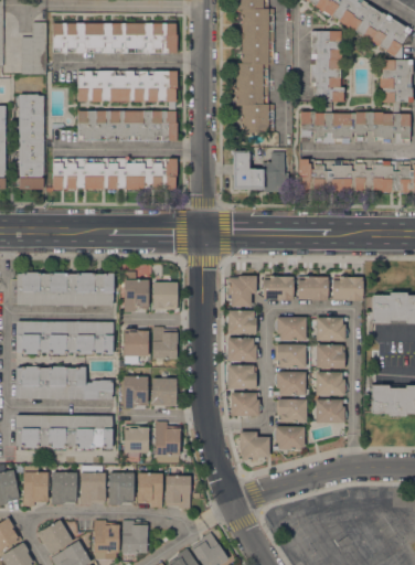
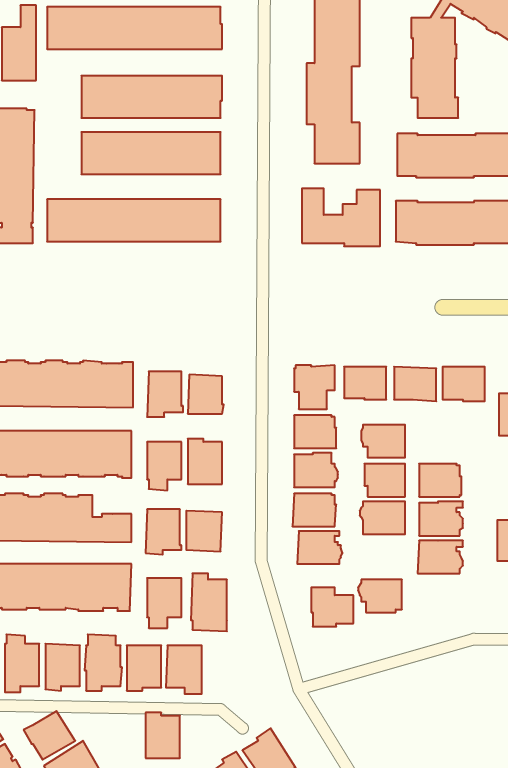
building: [316,317,348,341] -> none
building: [276,399,307,423] -> none
building: [166,476,190,509] -> none
building: [94,521,119,553] -> none

